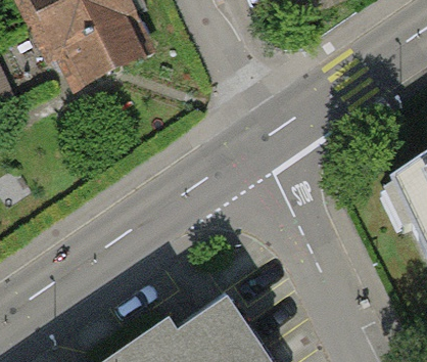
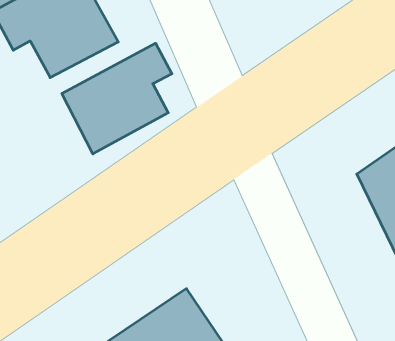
building: none -> [62,43,172,154]

